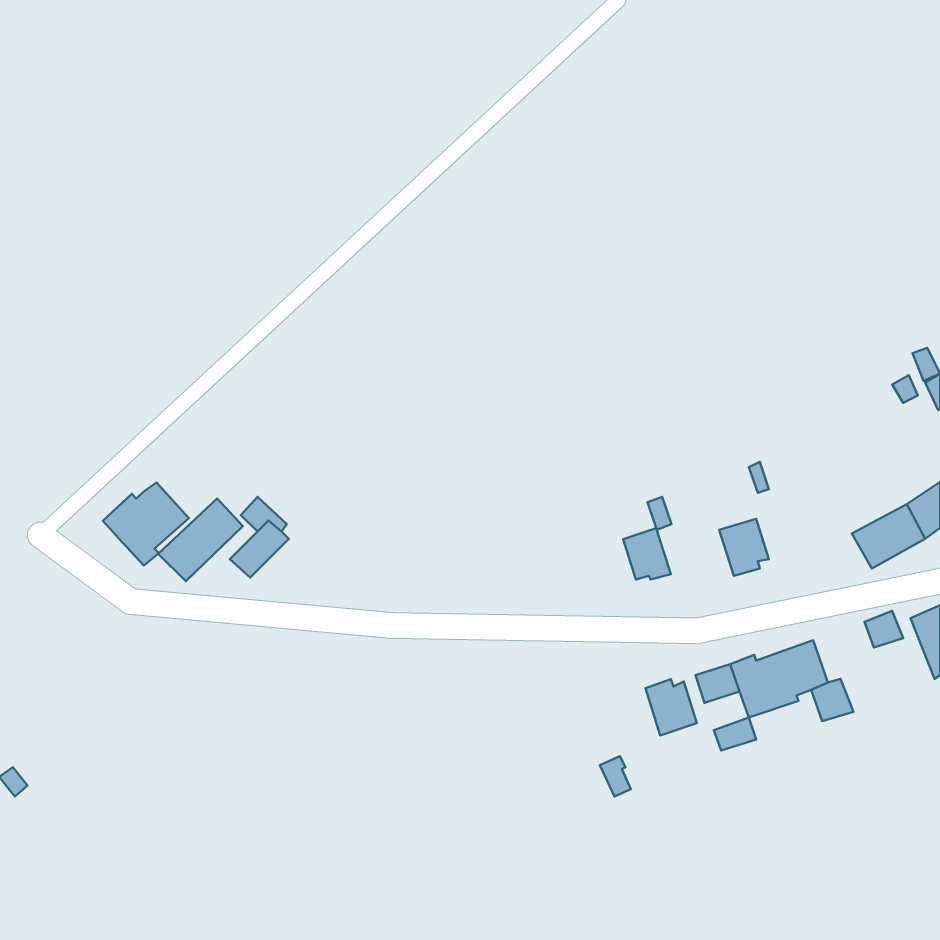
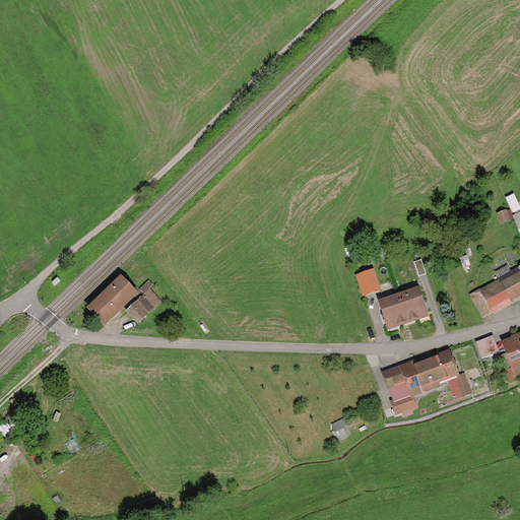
building: [103,483,189,565] -> none
building: [623,528,671,580] -> [379,292,405,321]
building: [645,679,697,735] -> none

